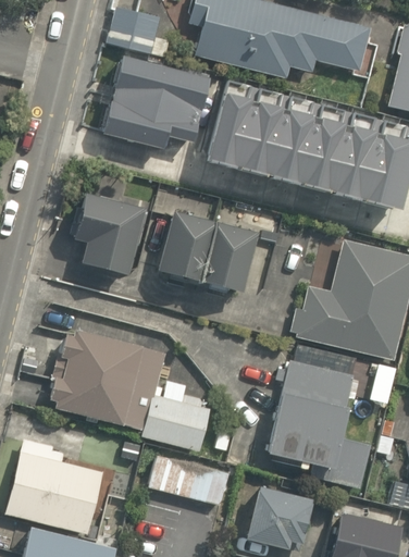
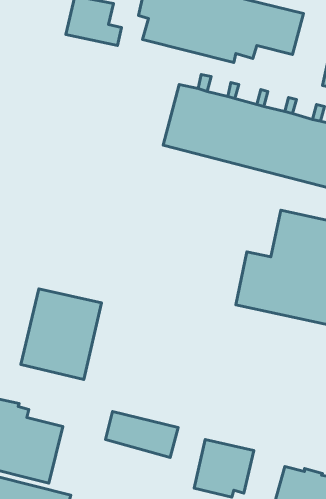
building: [110,61,216,153] -> none
building: [66,190,141,272] -> none
building: [151,209,257,288] -> none
building: [265,359,372,488] -> none
building: [142,374,210,450] -> none

